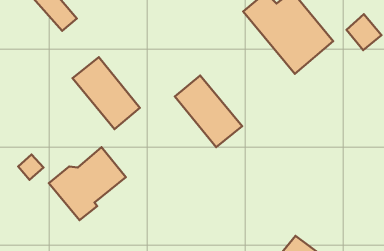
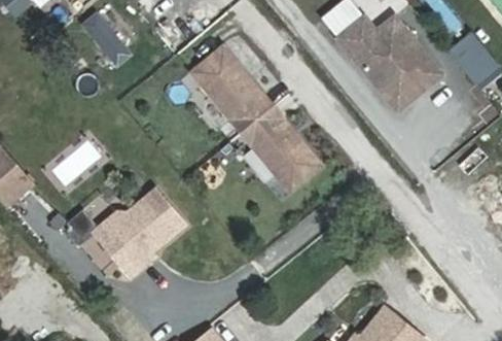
building: [72,57,140,129] -> [193,49,273,134]

